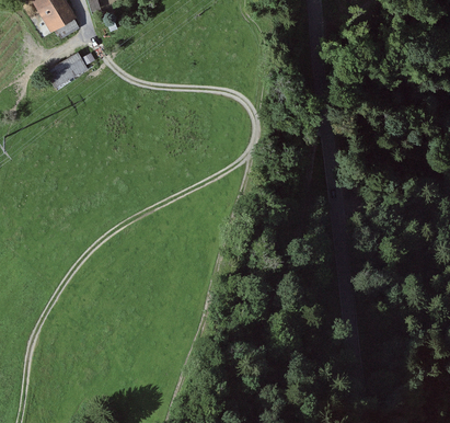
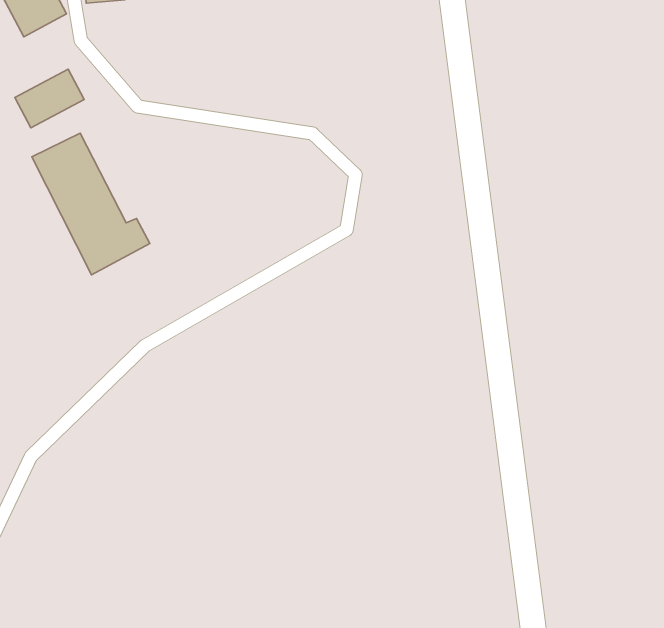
building: none -> [32,133,150,275]

